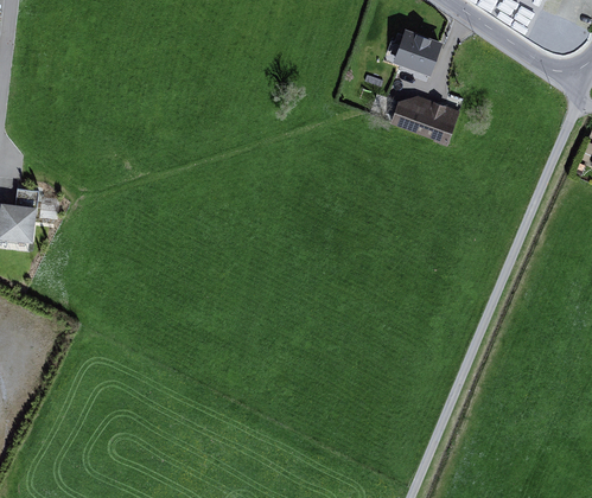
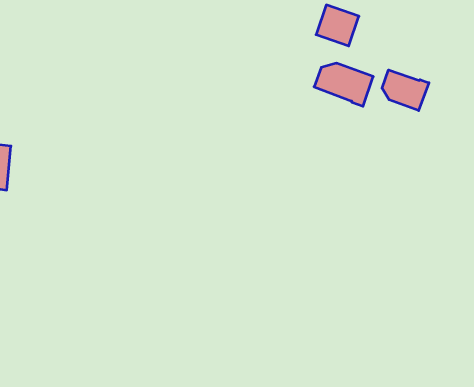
building: none -> [382,70,429,111]

